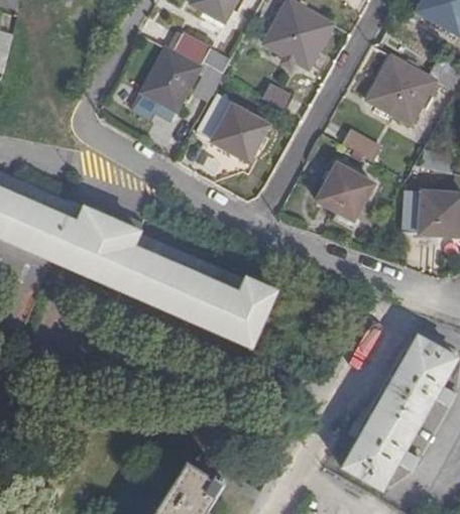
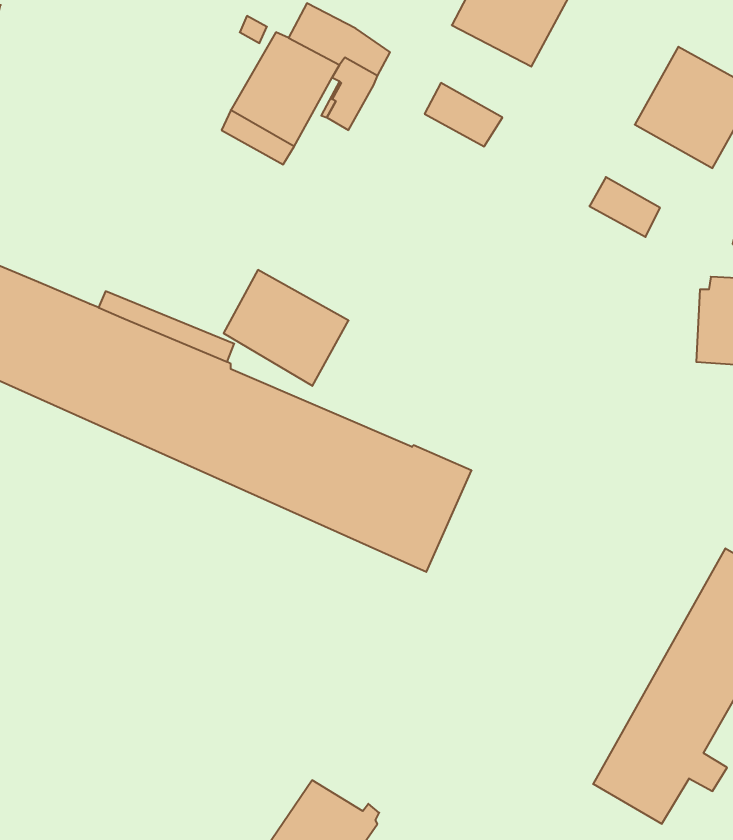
building: [198,97,267,161] -> [224,270,349,386]
building: [316,164,372,220] -> none

